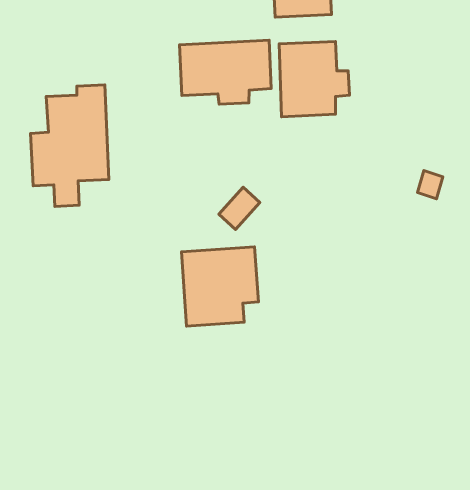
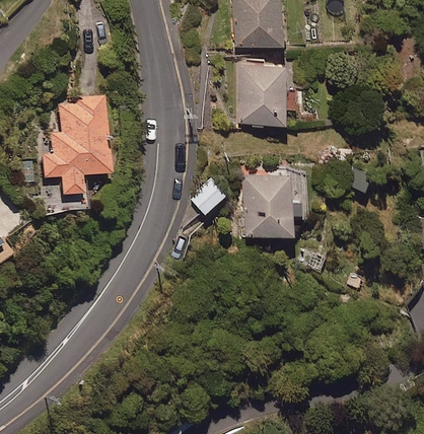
building: [179,40,271,104] -> none
building: [182,247,258,326] -> [242,171,303,234]

